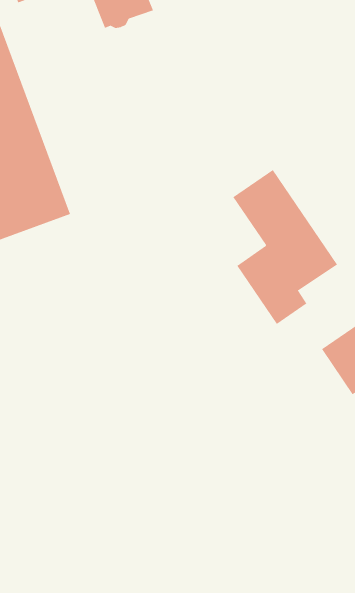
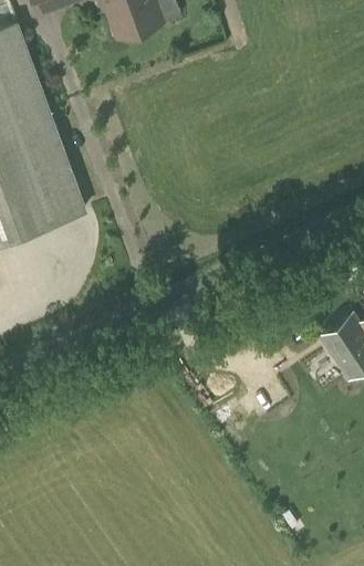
building: [232,169,338,325] -> none

